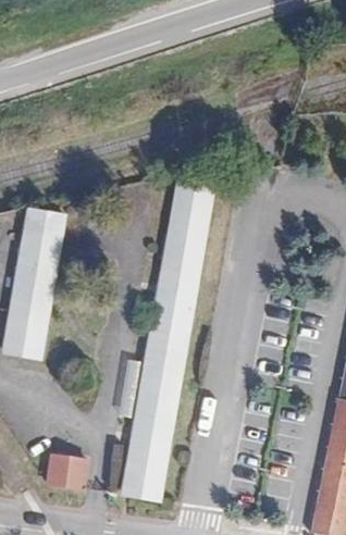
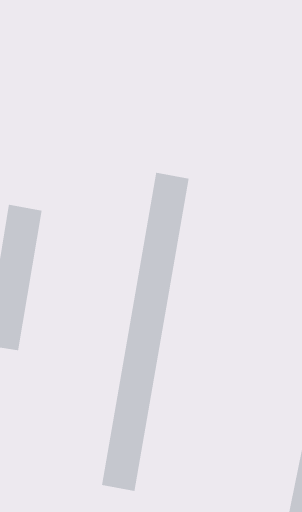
building: [47,456,87,489] -> none

